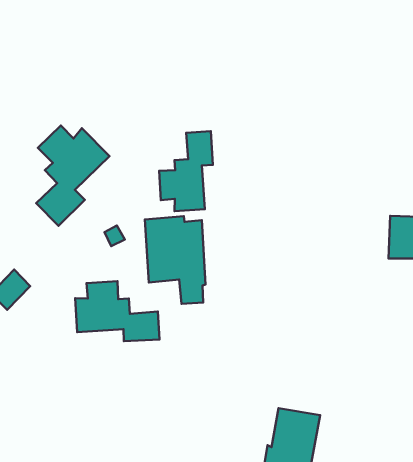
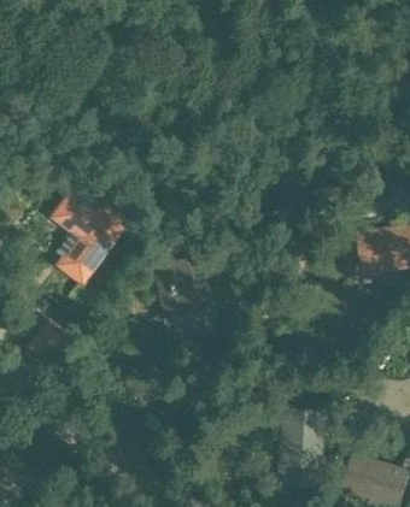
building: [159,131,213,211] -> none
building: [75,281,160,341] -> none

